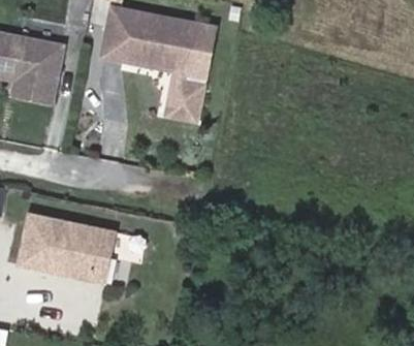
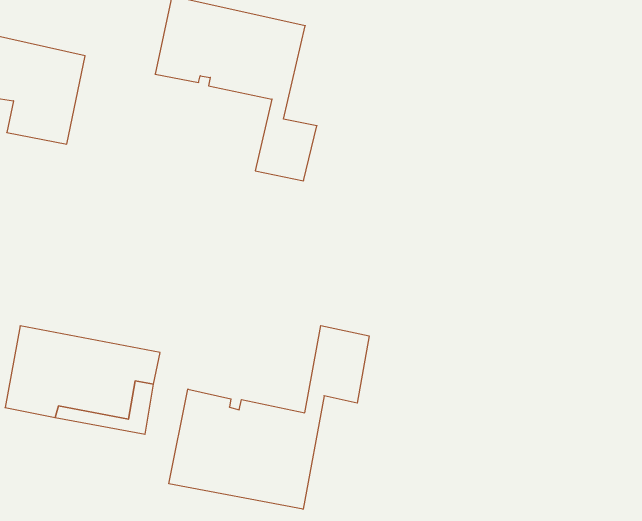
building: none -> [169,326,369,509]

